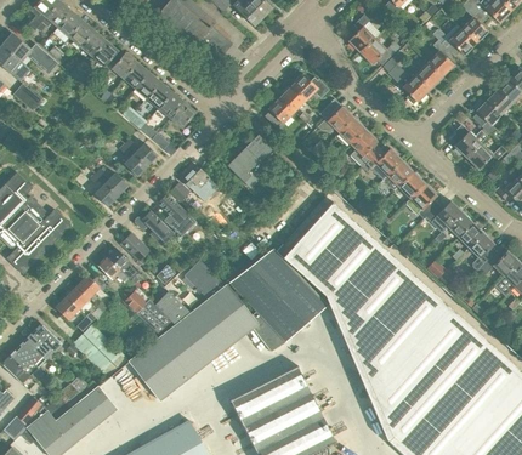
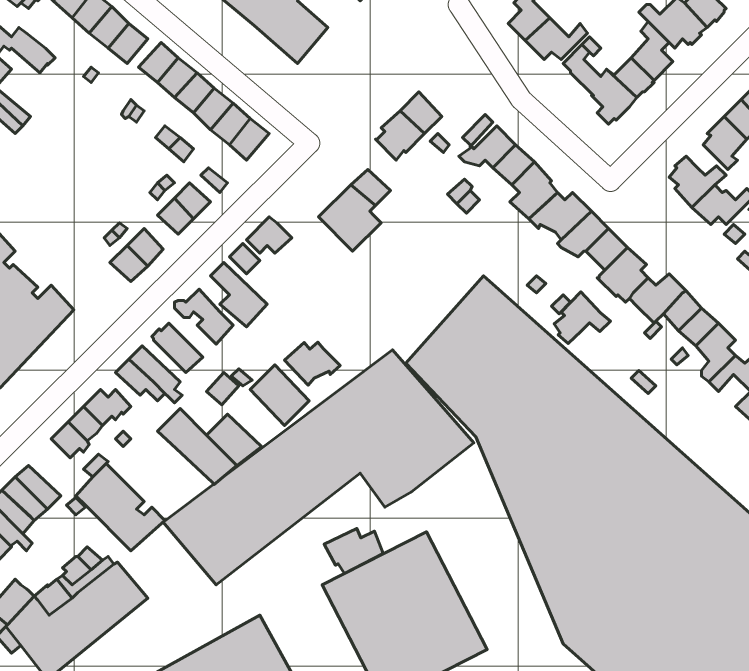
building: [291,73,329,99] -> none
building: none -> [554,292,610,343]
building: none -> [284,342,340,385]
building: none -> [324,529,383,574]

